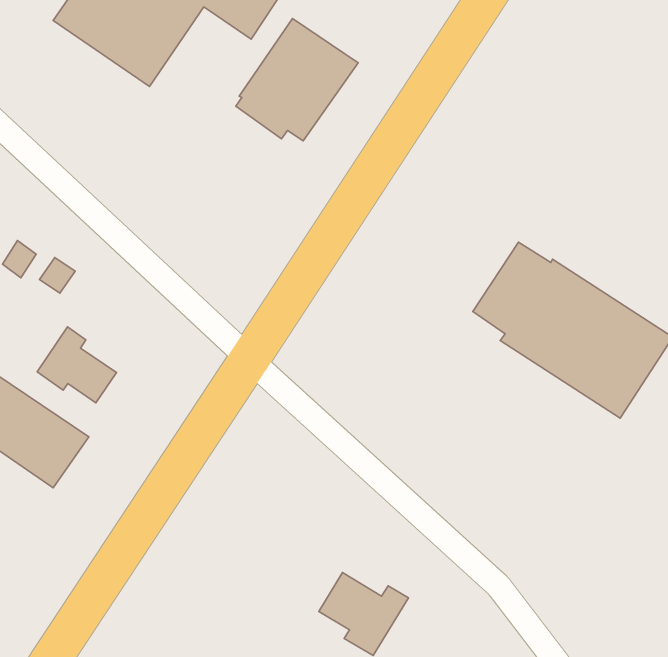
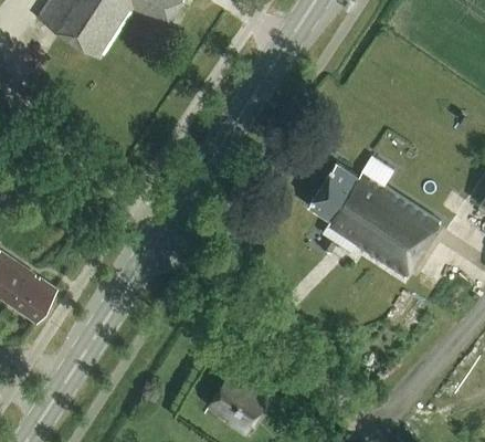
building: [236,18,358,141] -> none
building: [37,327,116,403] -> none

